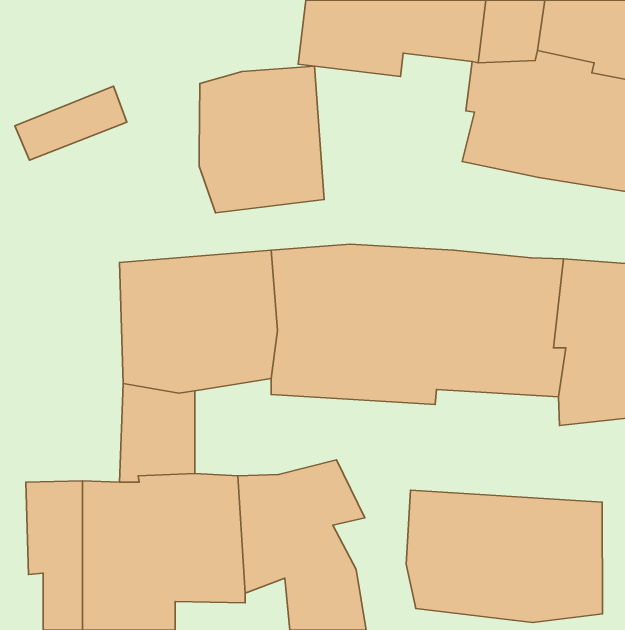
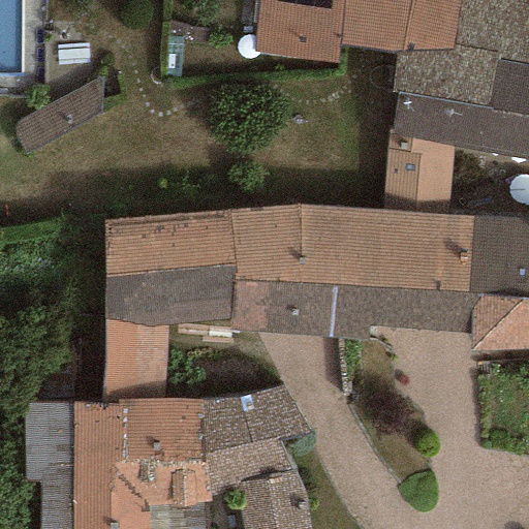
building: [199,66,324,213] -> none
building: none -> [384,135,456,216]
building: [406,490,602,623] -> none

